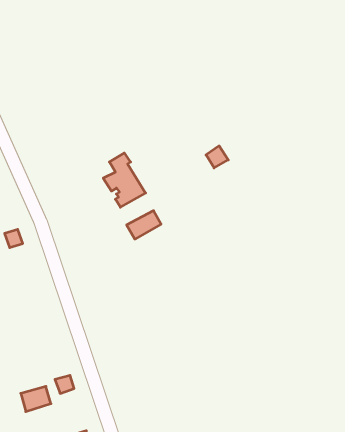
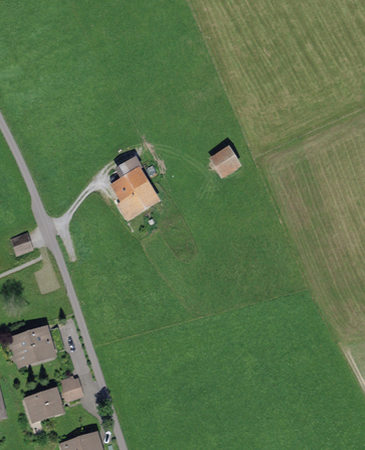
building: [127,211,161,239] -> none
building: none -> [15,327,64,361]

